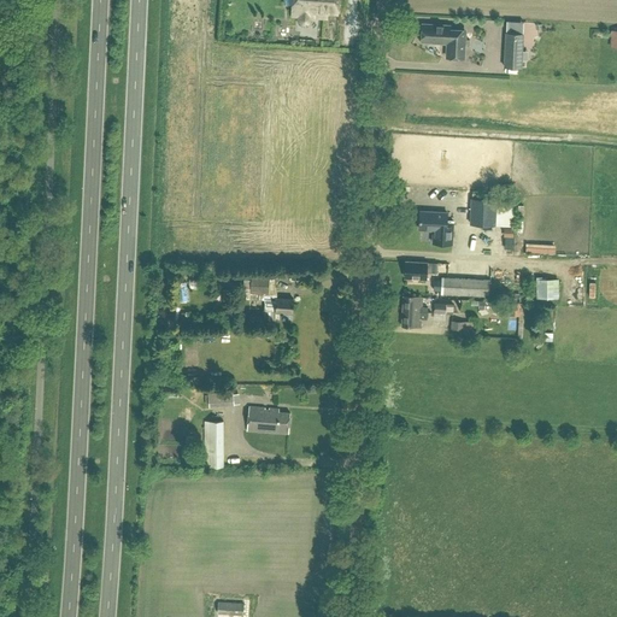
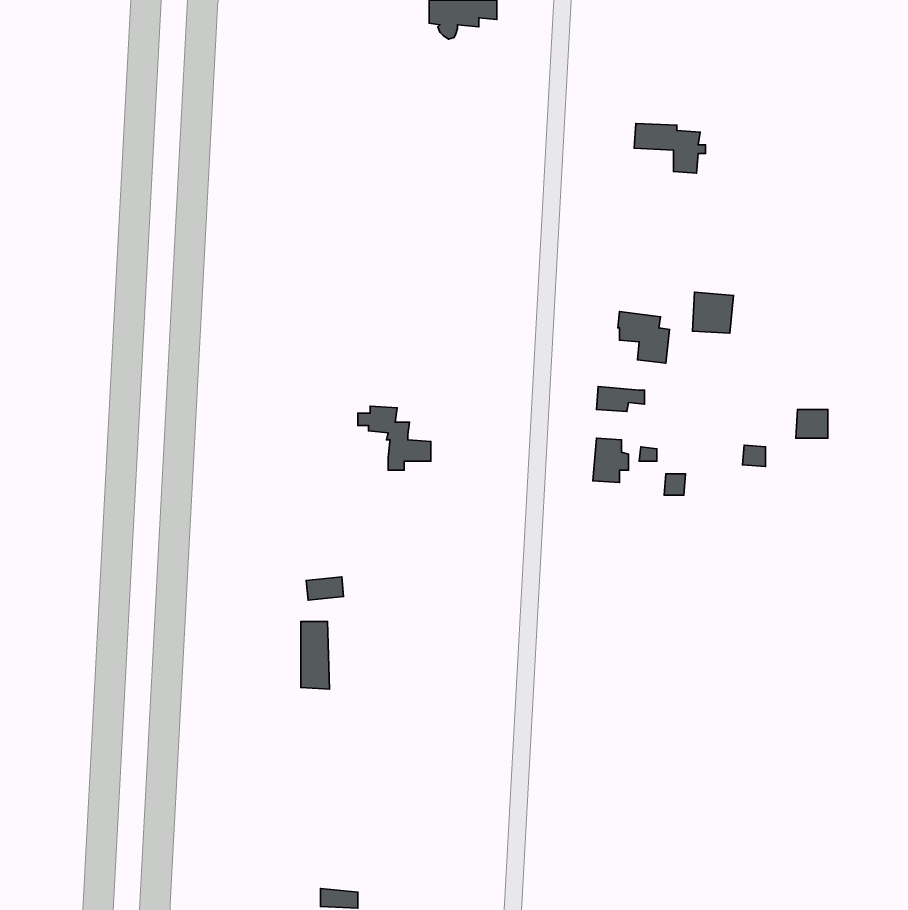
building: [421,24,469,58] -> [634,123,705,173]
building: [503,33,522,67] -> none
building: [440,277,488,295] -> none
building: [246,406,288,433] -> none

